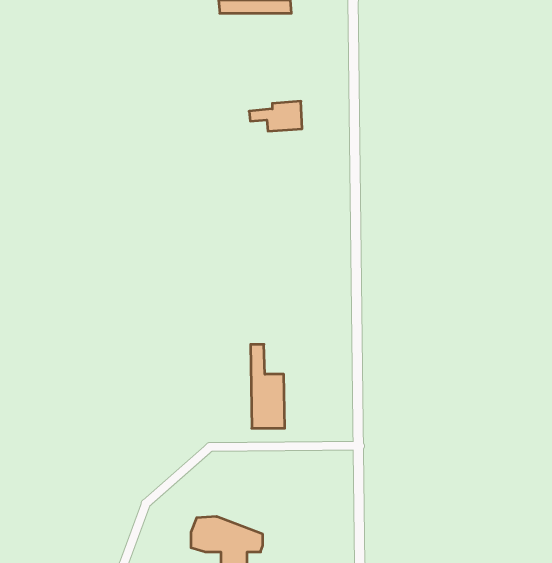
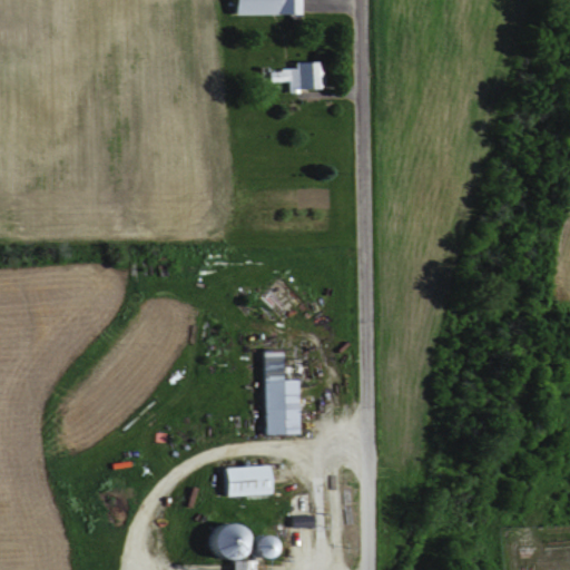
building: [249,101,302,131] -> [273,61,326,91]
building: none -> [224,464,277,494]

